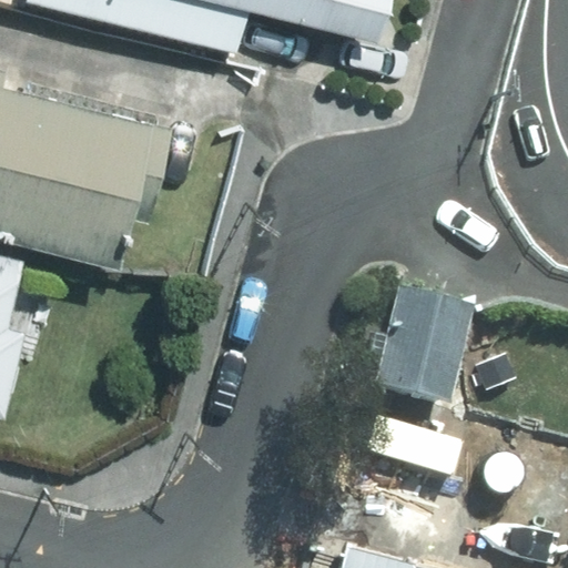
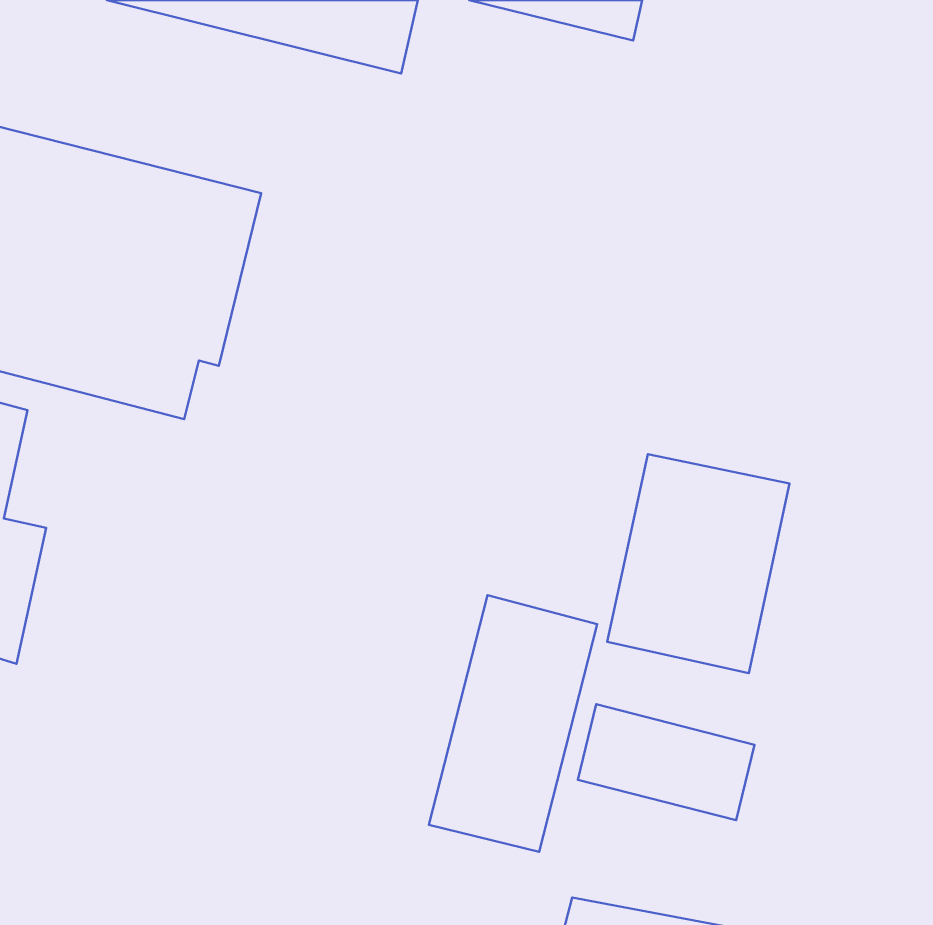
building: none -> [429,595,597,852]

